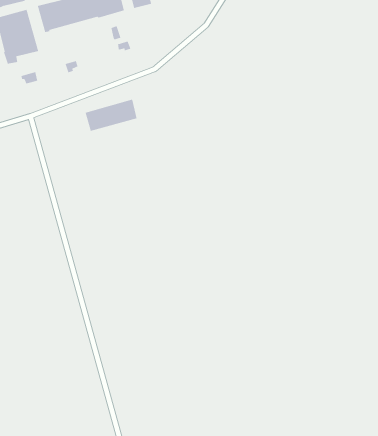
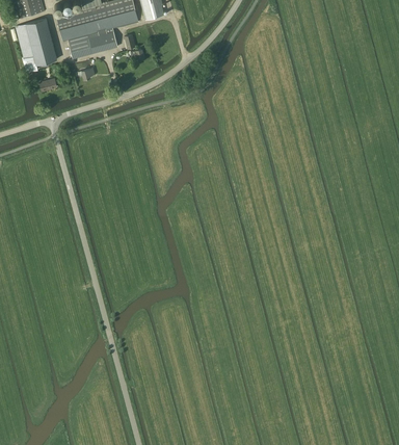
building: [85,99,137,132] -> [68,27,117,58]

